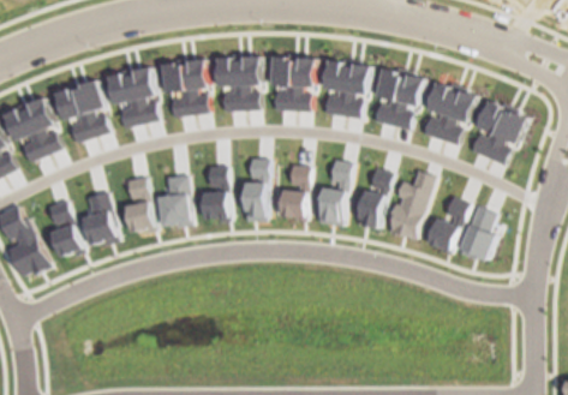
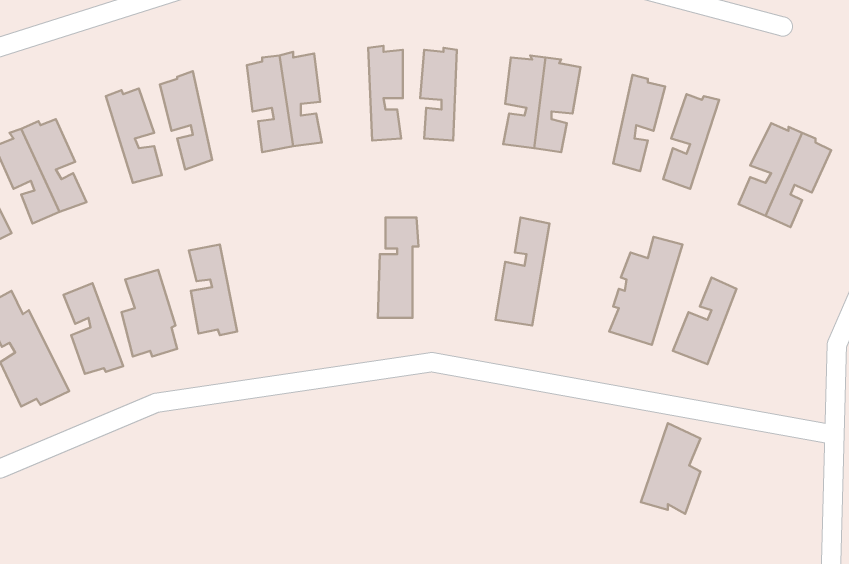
building: [215,53,239,110] -> none
building: [289,54,313,112] -> none
building: [127,65,156,122] -> none
building: [372,67,401,125] -> none
building: [54,83,90,142] -> none
building: [437,85,474,145] -> none
building: [280,164,307,221] -> none
building: [202,166,228,221] -> none
building: [357,168,389,228] -> none
building: [157,174,191,227] -> none
building: [456,204,494,261] -> [641,423,701,514]

